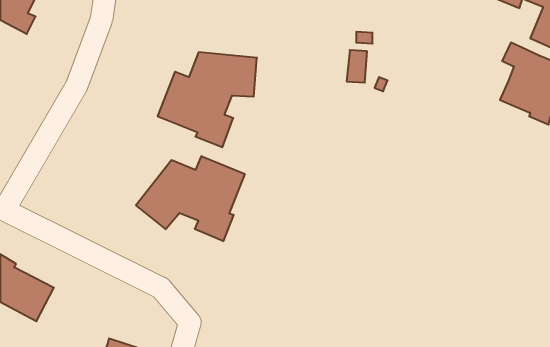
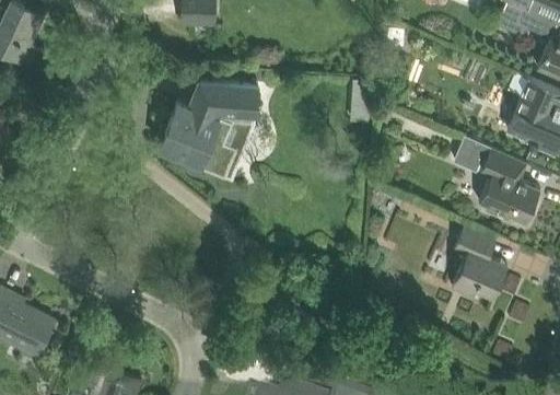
building: none -> [453,132,540,220]
building: [136,156,245,241] -> none
building: none -> [452,224,508,294]

